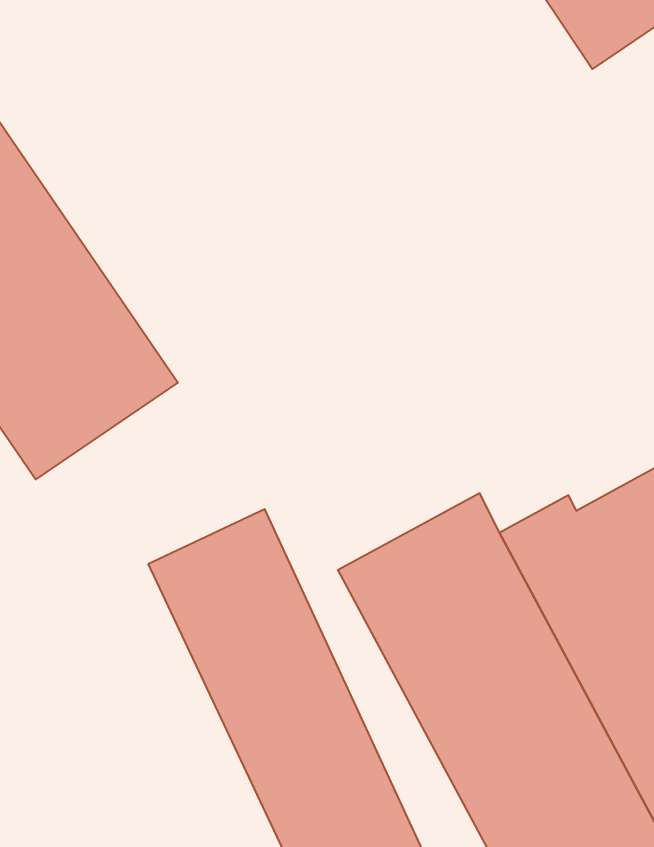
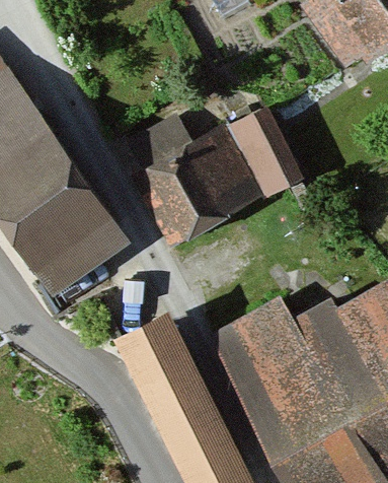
building: none -> [137,119,296,250]

